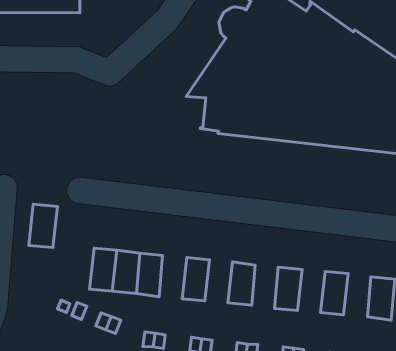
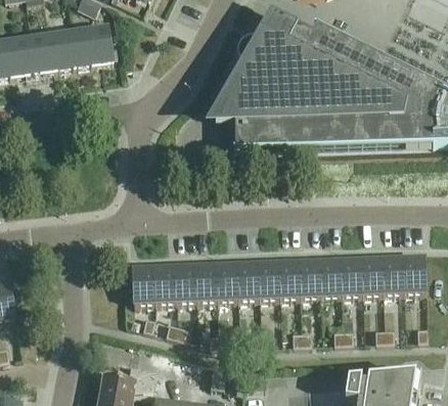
building: [29,204,57,248] -> [132,265,154,303]
building: none -> [215,262,237,300]
building: none -> [257,260,278,298]
building: none -> [298,259,320,296]
building: none -> [340,257,361,295]
building: none -> [380,256,403,292]

